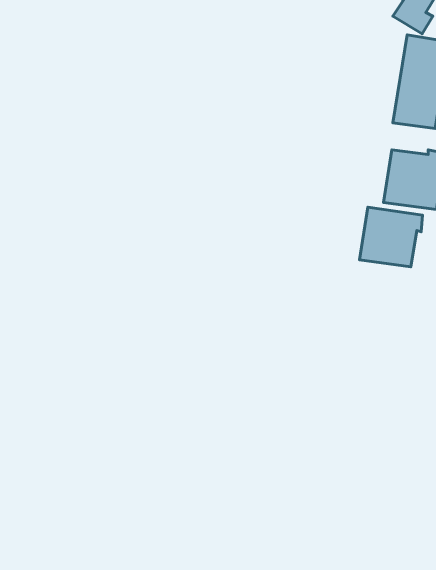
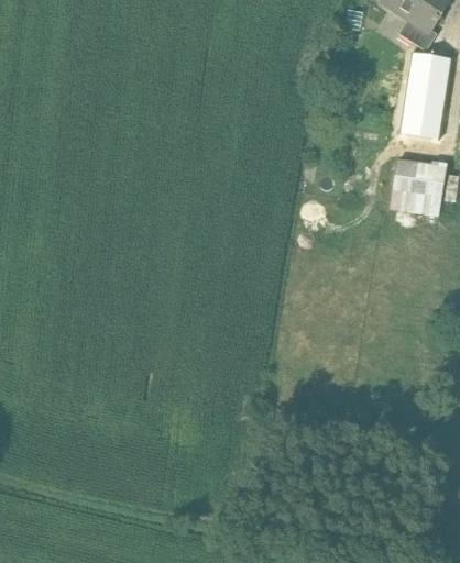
building: [359,207,423,267] -> none

